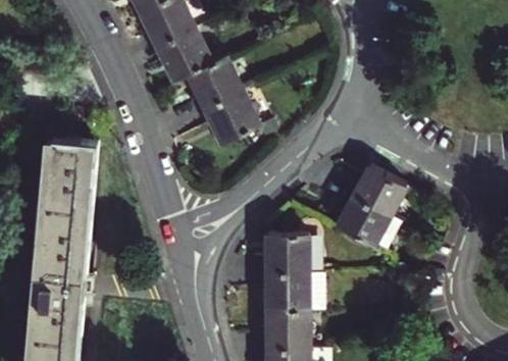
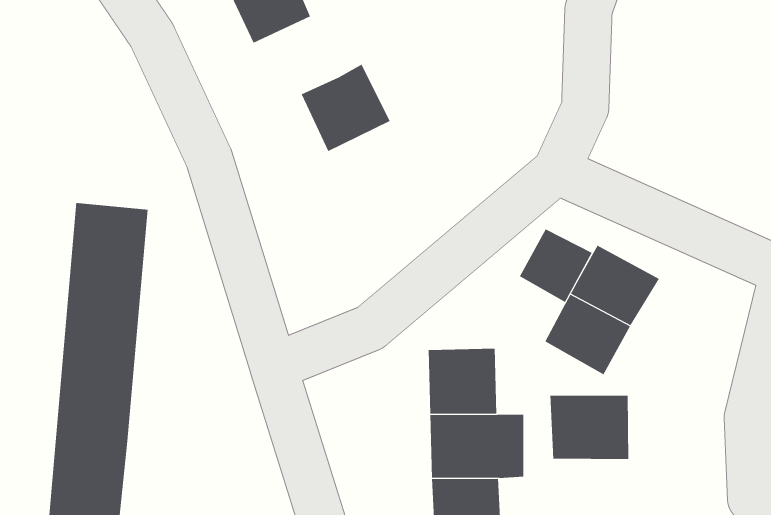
building: [159,29,210,81] -> none
building: [204,92,259,145] -> none
building: none -> [519,229,592,303]
building: none -> [550,395,629,460]

